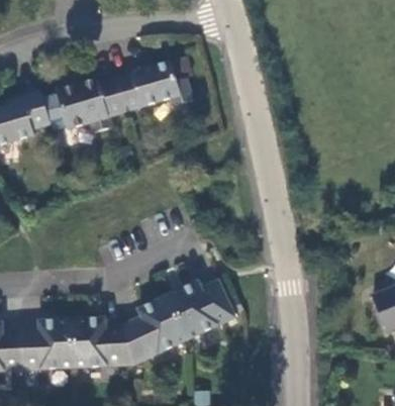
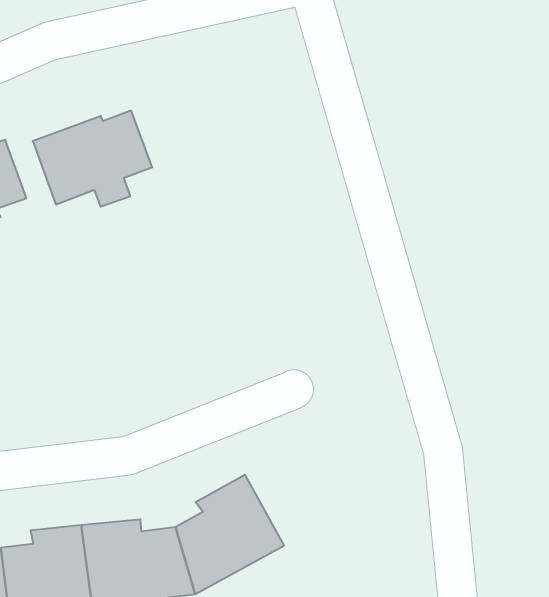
building: [114,62,191,111] -> none
building: [167,282,233,340] -> none

